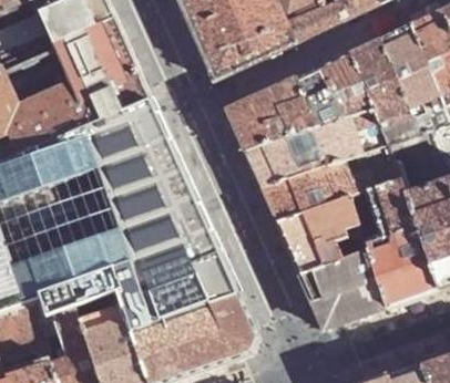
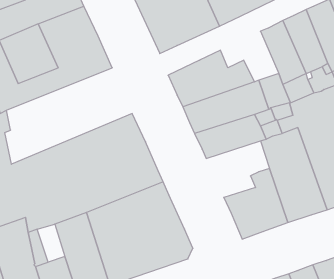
building: [296,51,374,118] -> none
building: [9,100,178,228] -> none
building: [277,197,361,272] -> none
building: [52,308,89,359] -> none

